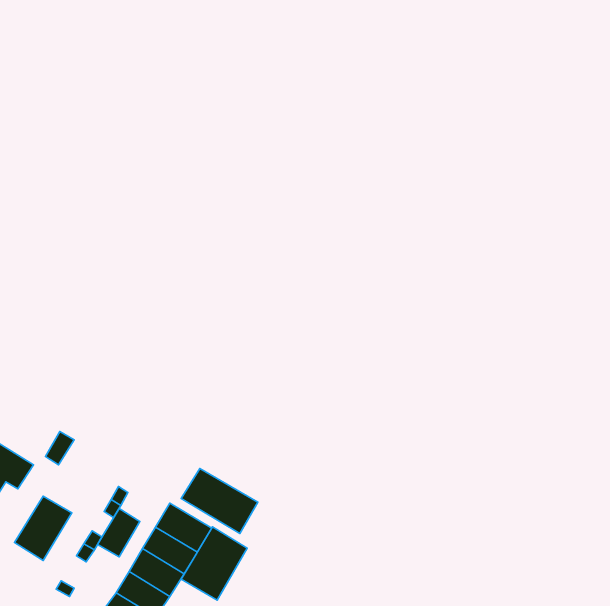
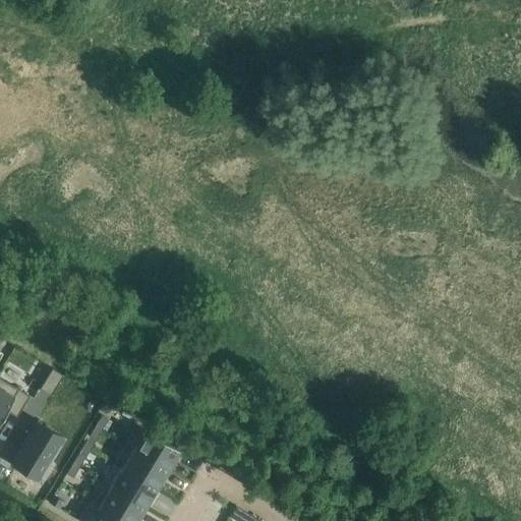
building: [181,468,258,534] -> none
building: [98,509,140,557] -> none
building: [181,527,247,600] -> none

